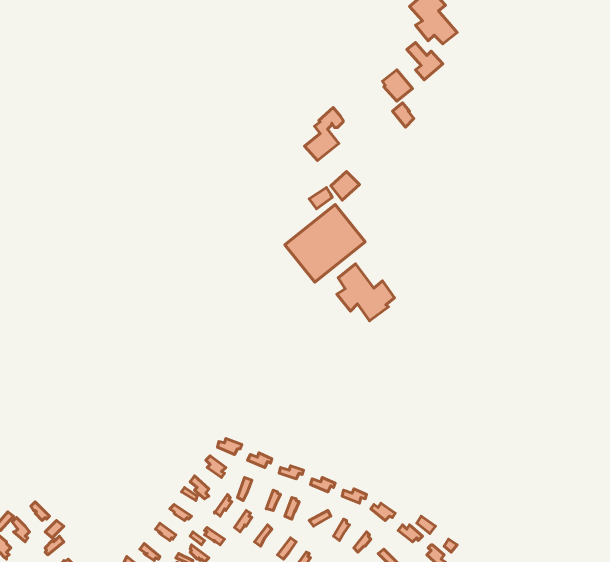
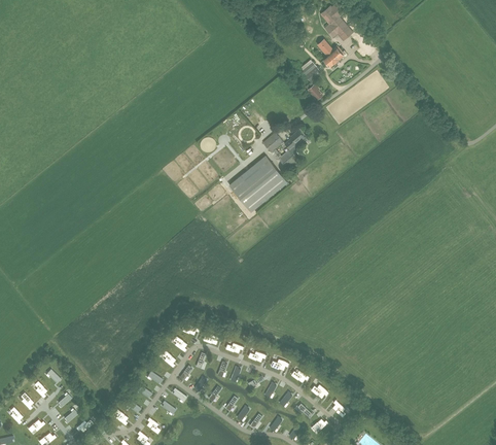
building: [305,107,343,161] -> [277,131,305,169]
building: [337,264,394,321] -> none

